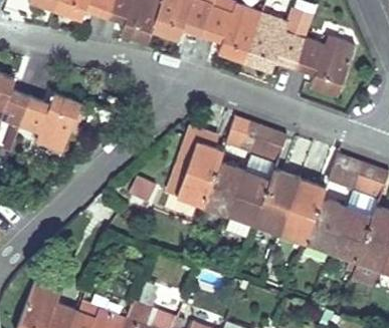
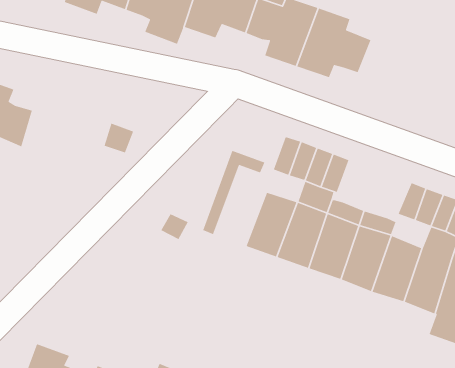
building: [295,35,356,94] -> none
building: [21,92,89,151] -> none
building: [177,141,224,207] -> none

